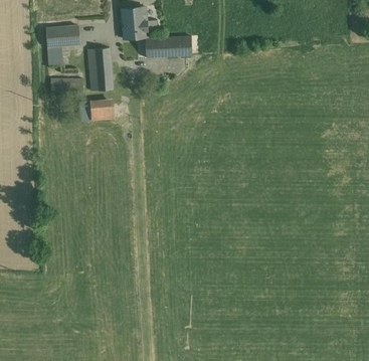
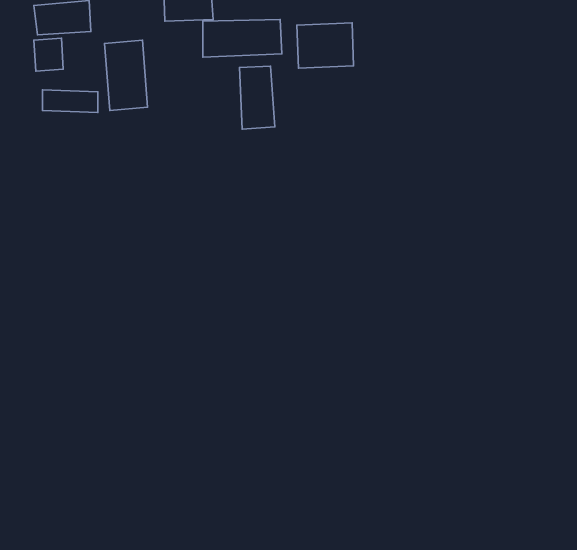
building: none -> [297,23,354,68]
building: none -> [240,66,275,129]
building: [91,99,115,120] -> none

